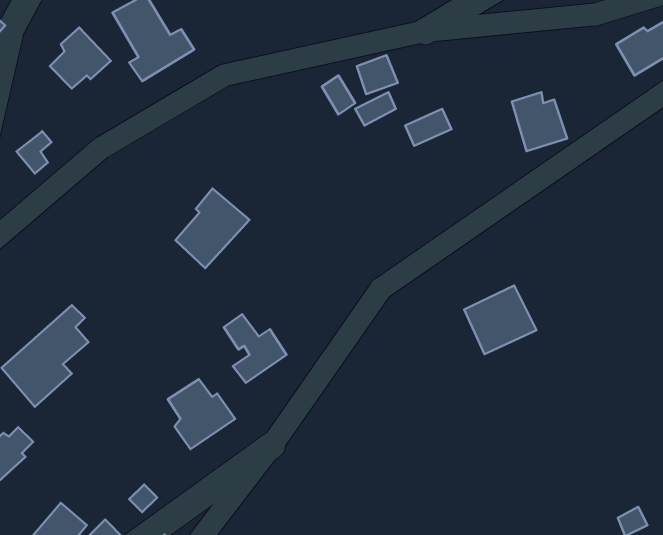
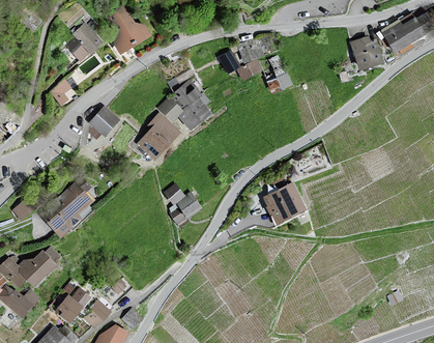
building: [512,92,567,151] -> [351,36,382,69]
building: none -> [161,82,209,130]
building: none -> [88,108,117,137]
building: [464,286,536,354] -> [264,184,305,223]
building: [168,379,235,449] -> none

